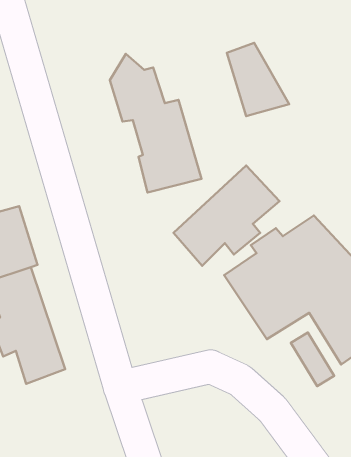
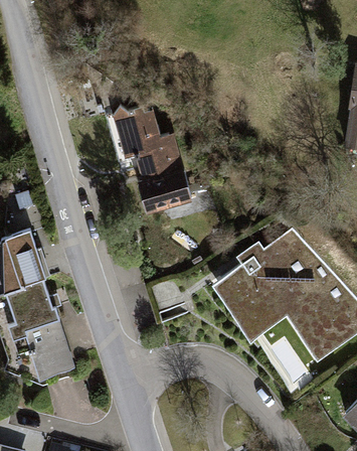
building: [227,43,289,116] -> none
building: [174,165,280,266] -> none

